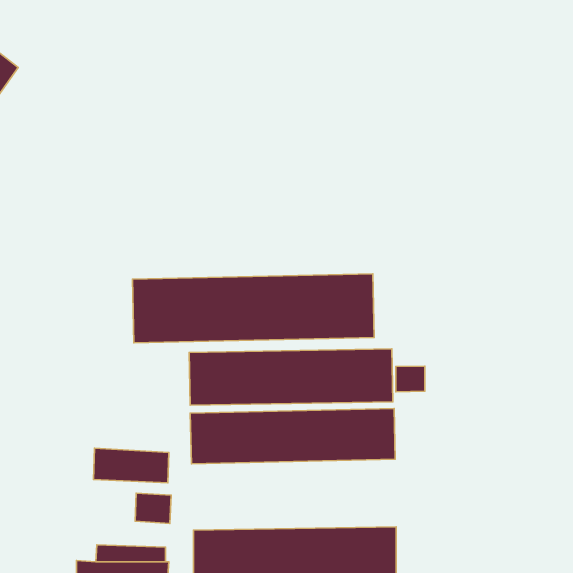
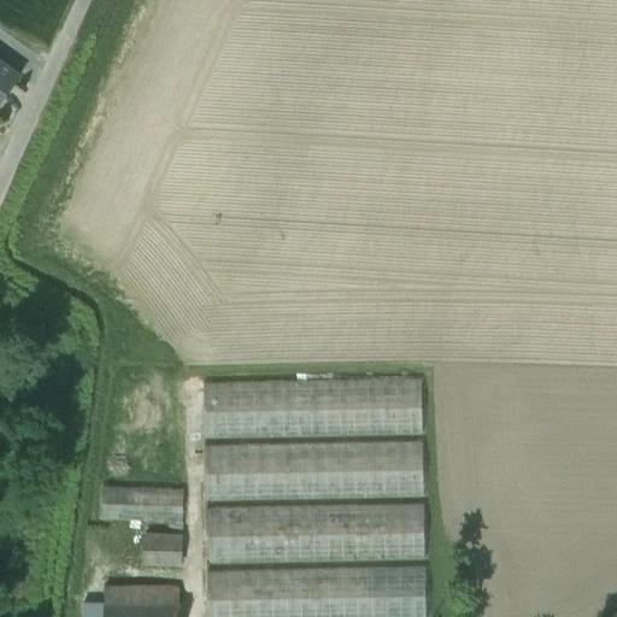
building: [132,274,374,343] -> none
building: [396,366,425,392] -> none
building: none -> [205,503,424,564]

